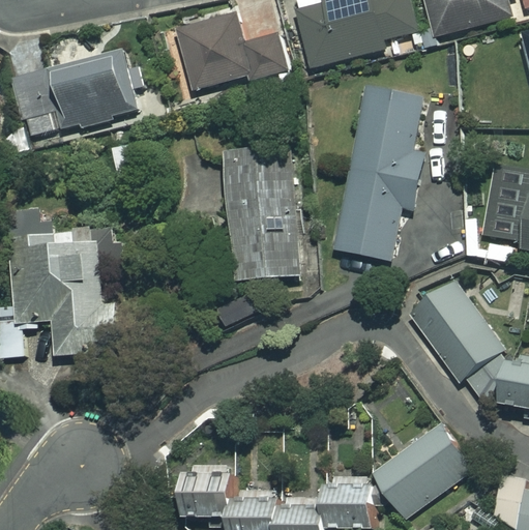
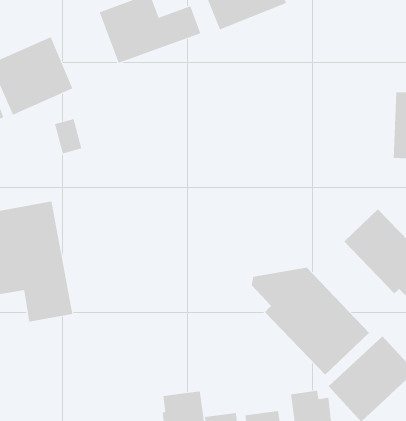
building: [334,88,427,262] -> none
building: [228,151,302,284] -> none
building: none -> [251,267,370,376]

